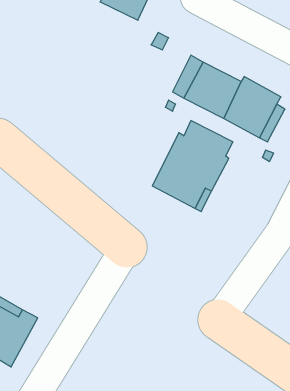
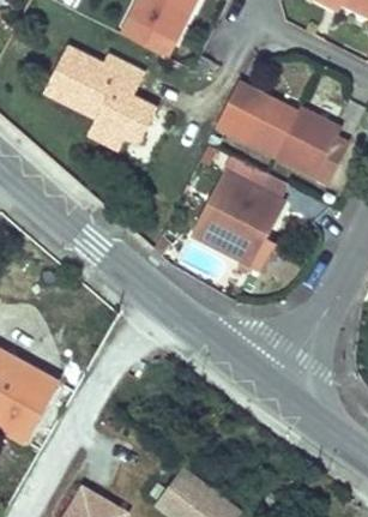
building: none -> [46,46,159,151]

